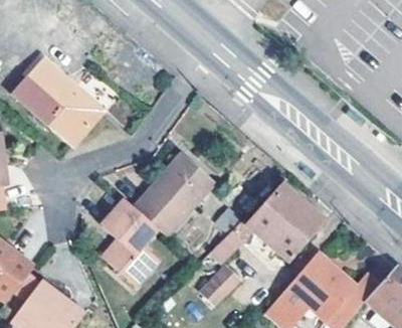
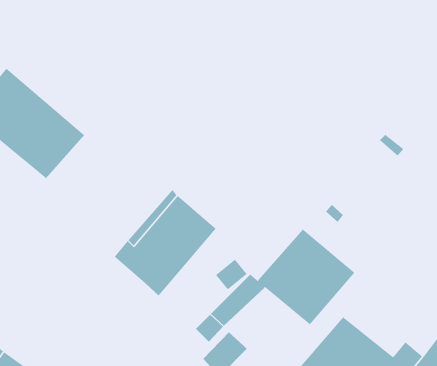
building: [97,198,156,284] -> none

